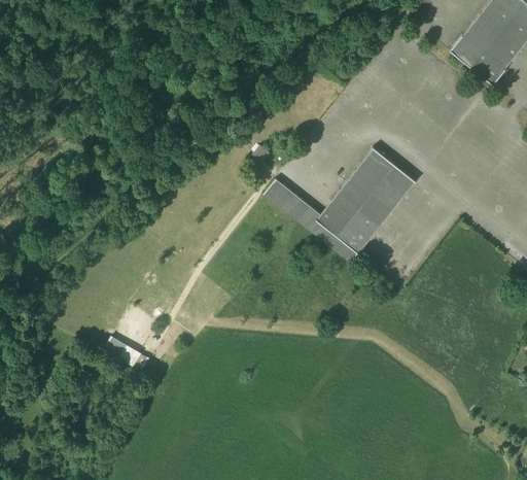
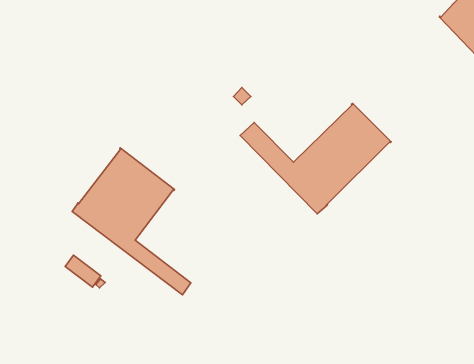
building: none -> [72,148,191,295]

